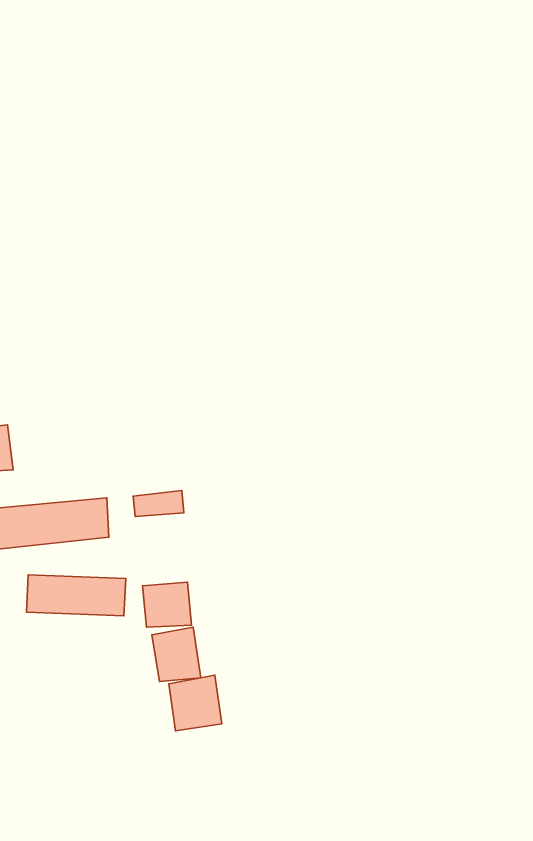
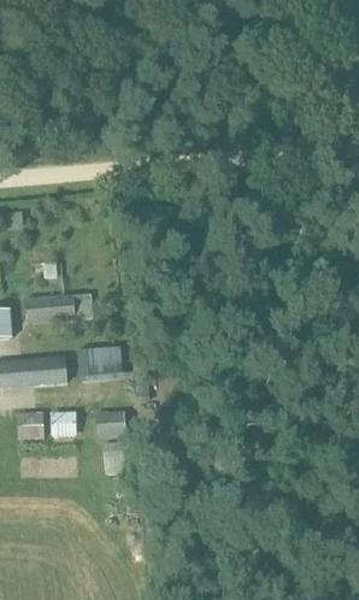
building: none -> [25,294,94,324]
building: [169,675,222,731] -> none

